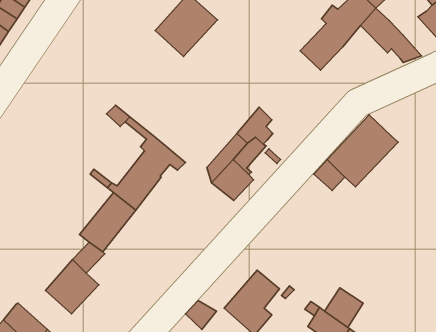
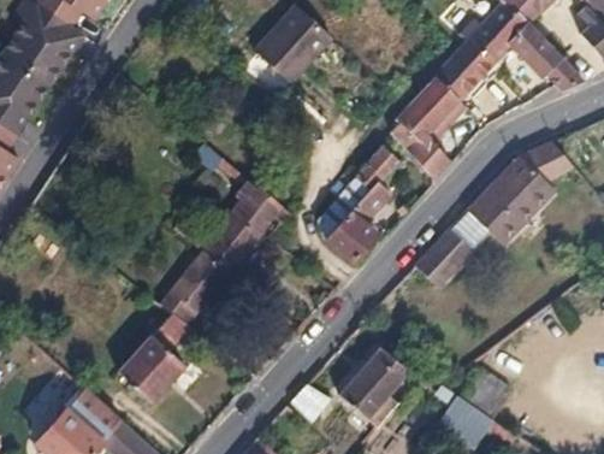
building: none -> [392,75,467,178]
building: none -> [519,141,573,181]
building: none -> [415,228,473,287]

